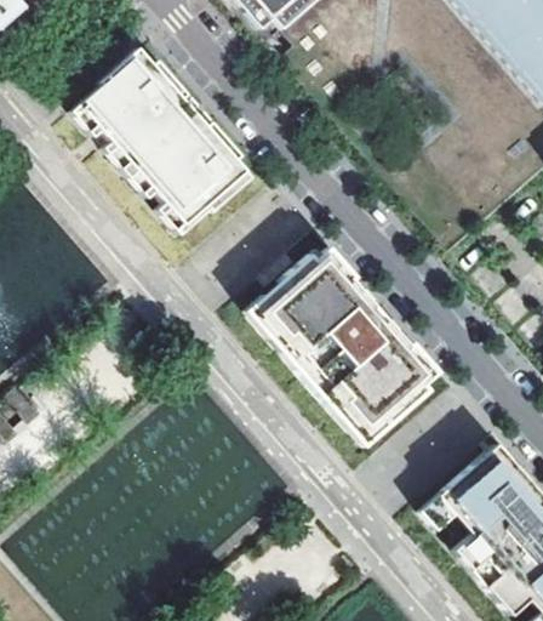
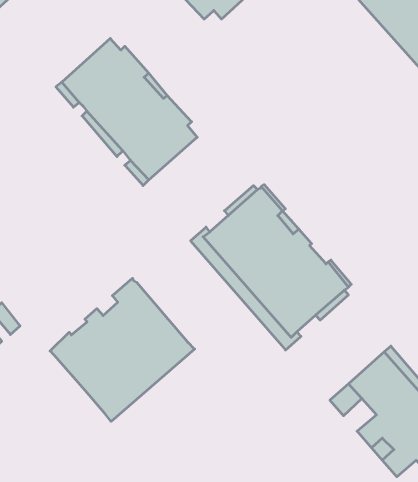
building: none -> [50,278,195,421]

